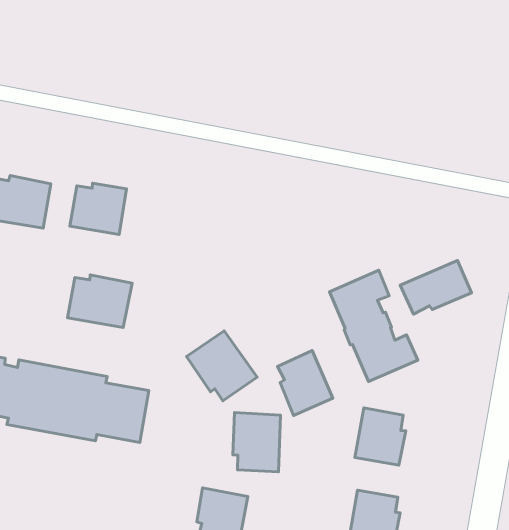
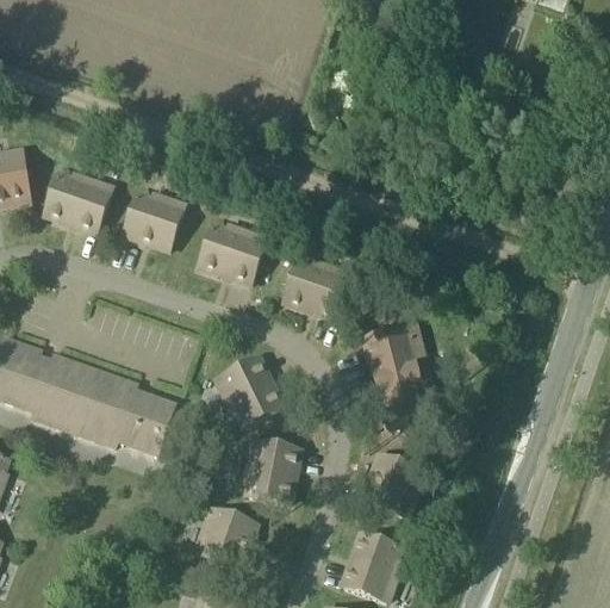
building: none -> [282,261,350,317]
building: [400,260,472,314] -> none
building: [68,275,132,327] -> [198,225,266,281]
building: [277,351,333,415] -> none

